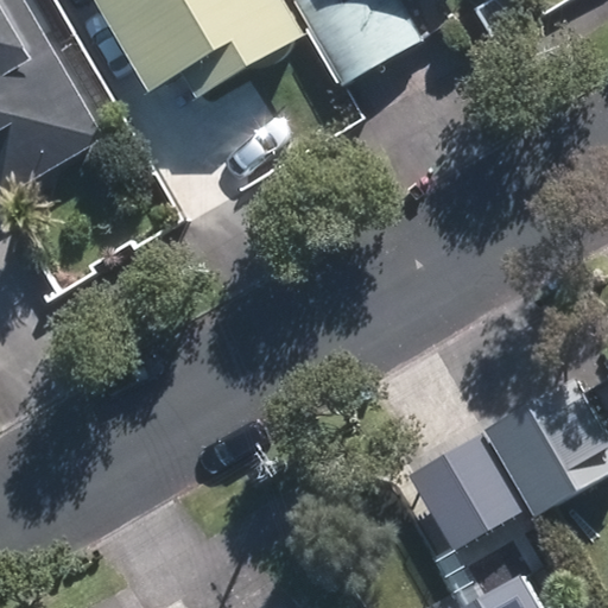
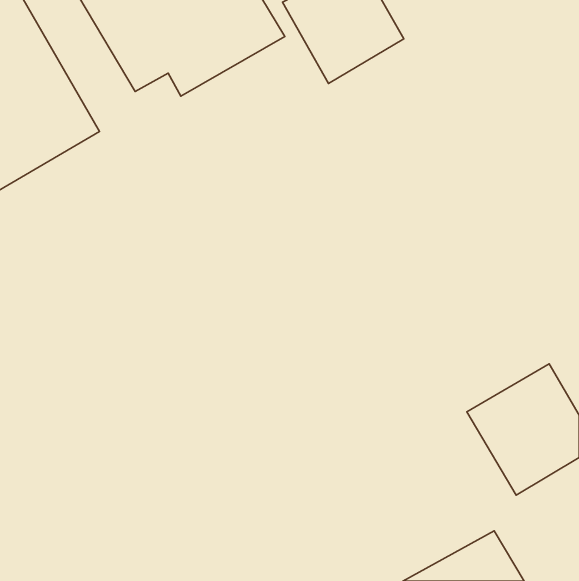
building: [401,432,538,555] -> none

